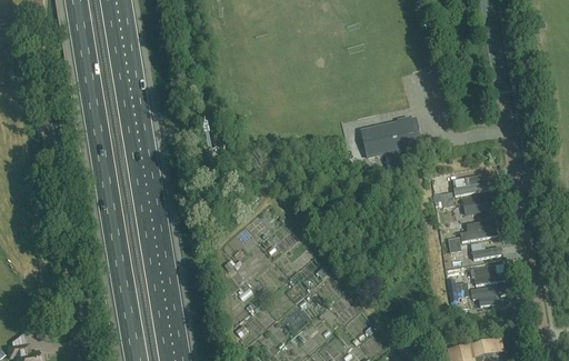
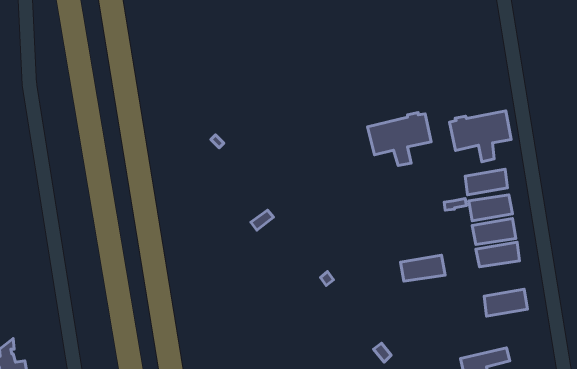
building: none -> [449,111,511,162]
building: [466,261,508,285] -> [400,255,445,281]

